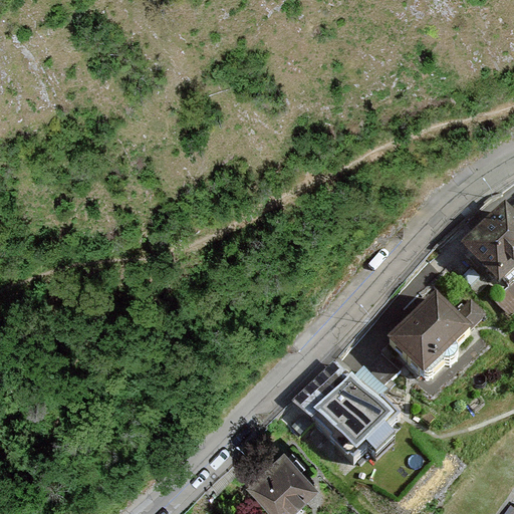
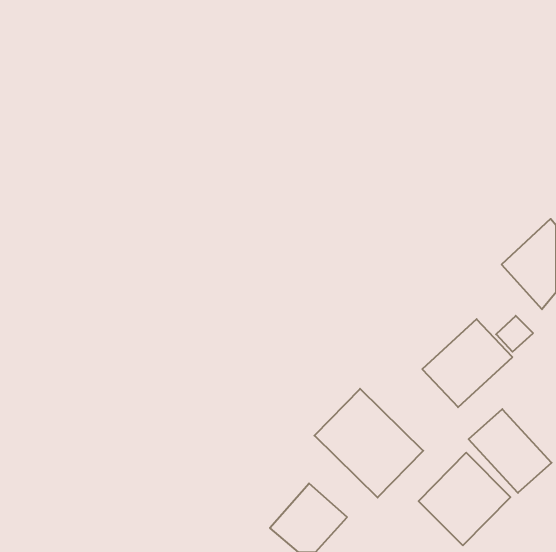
building: none -> [469,409,552,493]
building: none -> [419,453,510,545]

